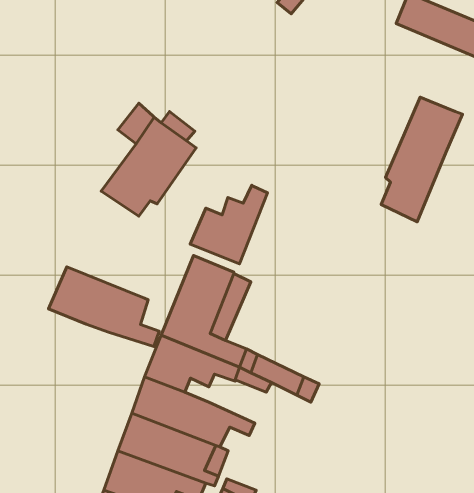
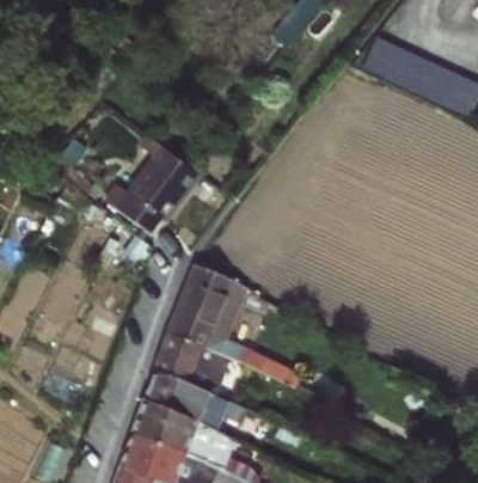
building: [381,97,463,222] -> none
building: [190,185,267,264] -> none
building: [48,267,159,347] -> none

